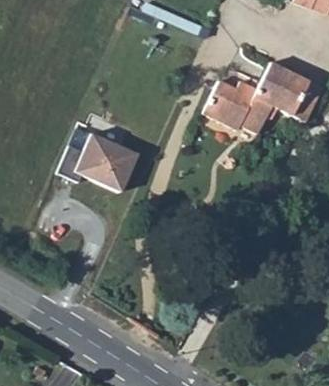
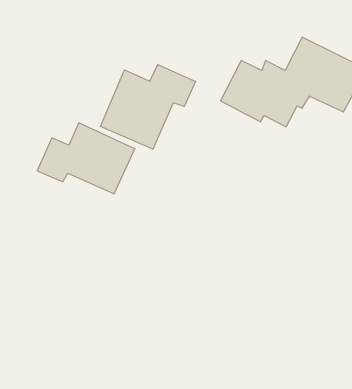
building: none -> [100,64,196,149]

